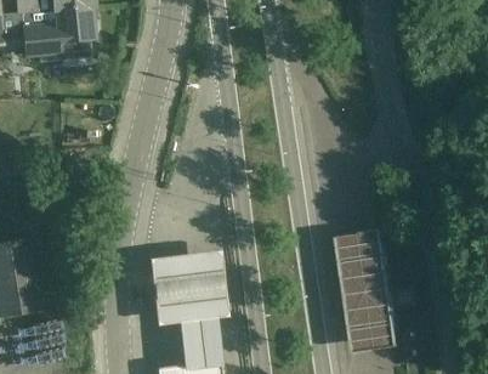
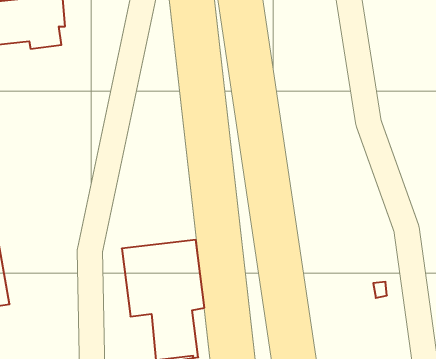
building: [334,230,398,355] -> none

